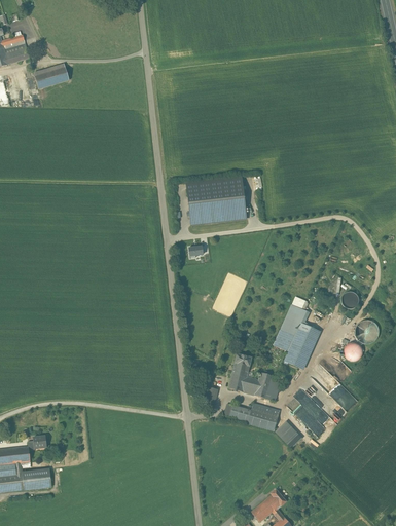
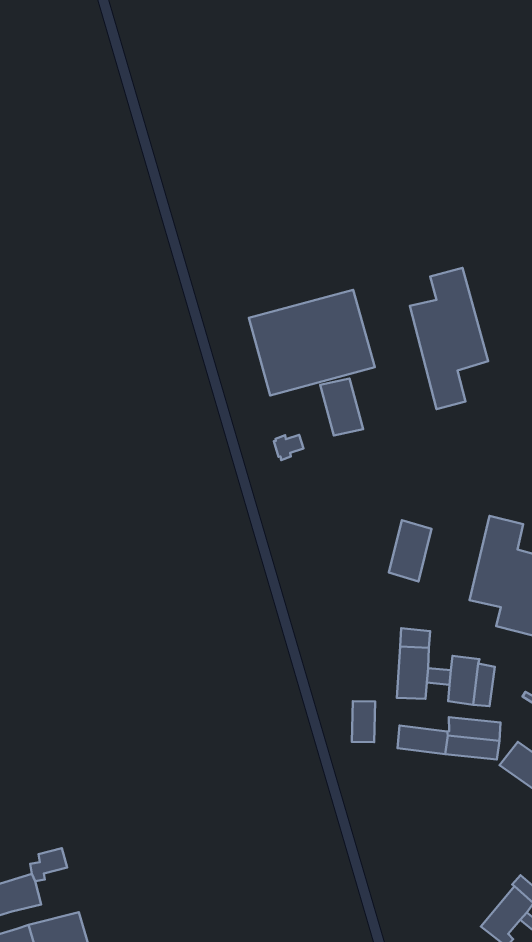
building: none -> [410,268,488,409]
building: none -> [320,378,363,435]
building: none -> [389,520,431,581]

